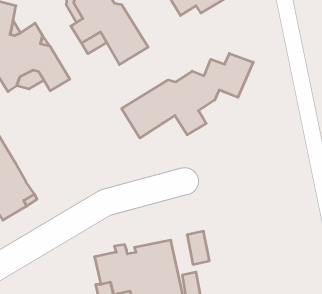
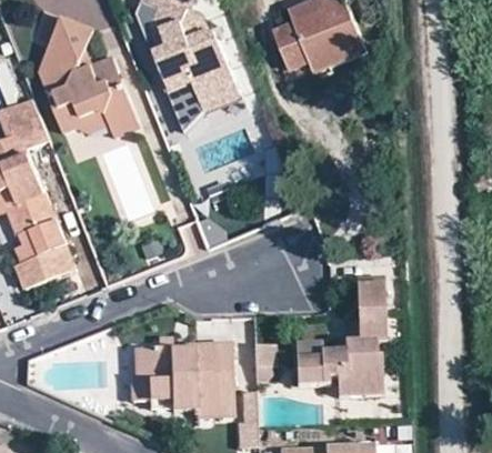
building: [122,53,253,138] -> none
building: none -> [294,276,385,396]

